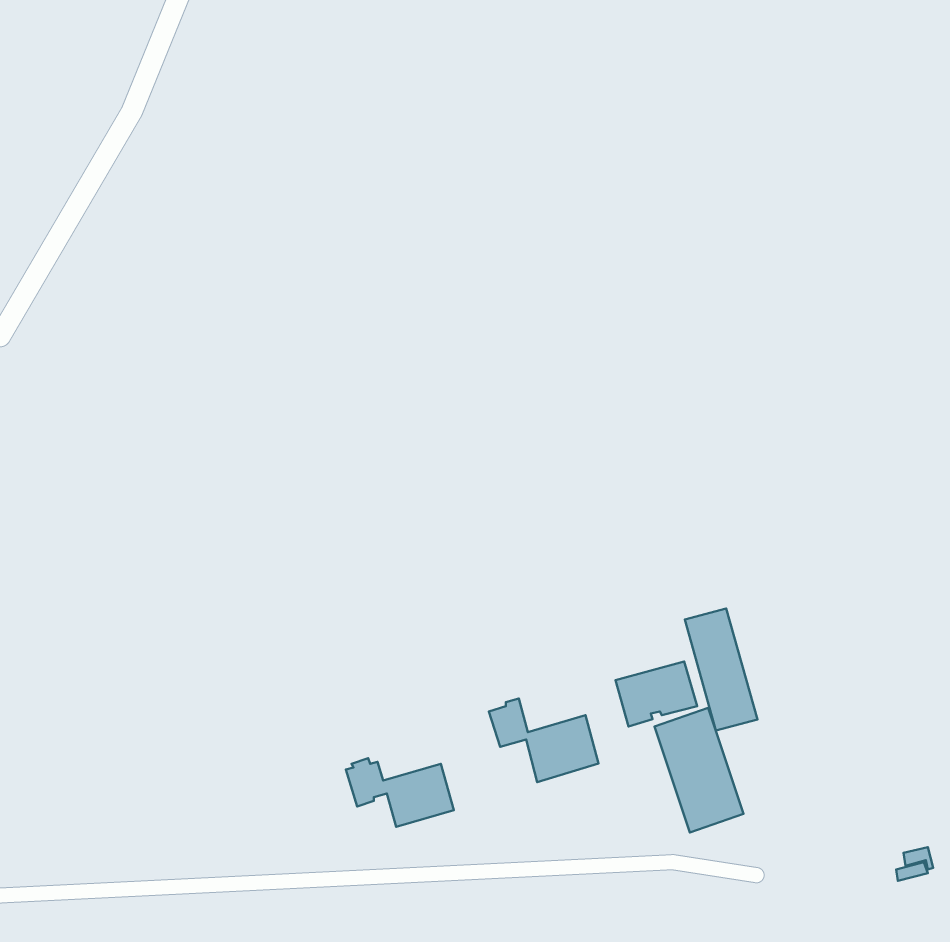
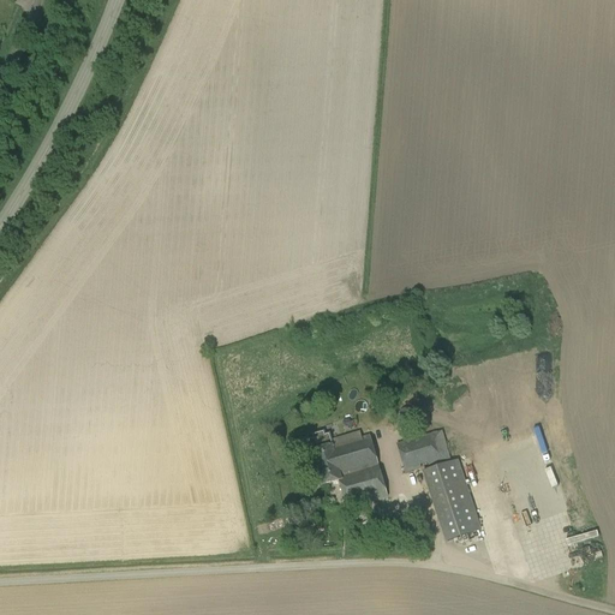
building: [685,608,757,730] -> none
building: [346,758,454,827] -> [309,429,378,473]

